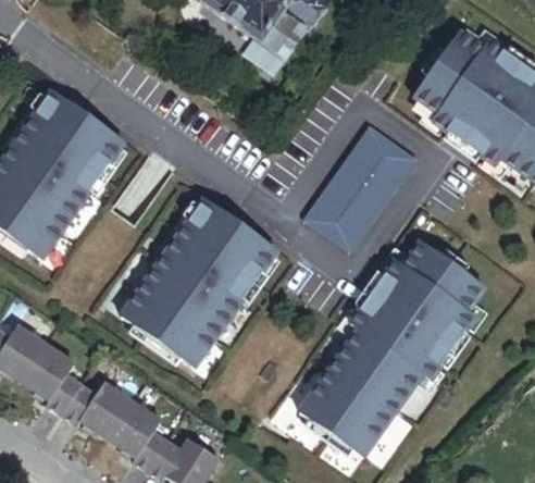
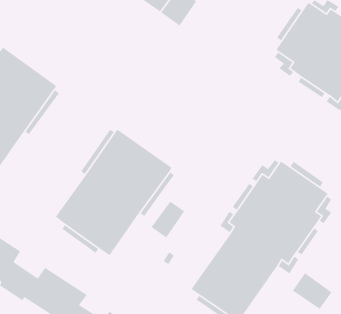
building: [303,126,415,252] -> none
building: none -> [151,200,185,238]
building: none -> [292,272,333,310]

